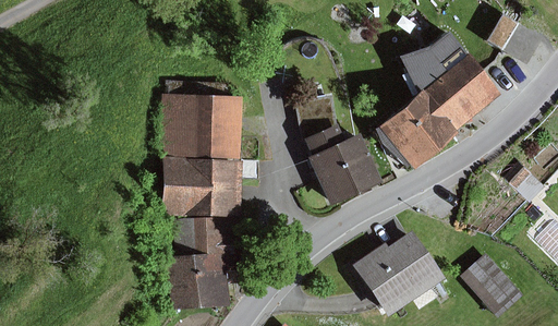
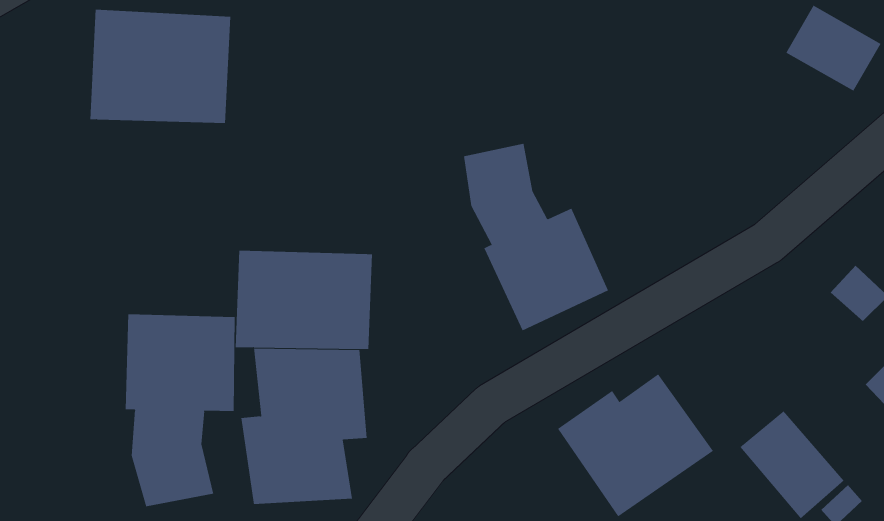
building: [375,31,500,170] -> none
building: [158,93,242,160] -> [89,9,231,123]
building: none -> [125,313,235,507]

